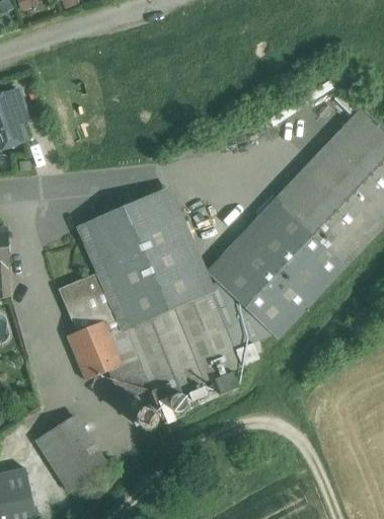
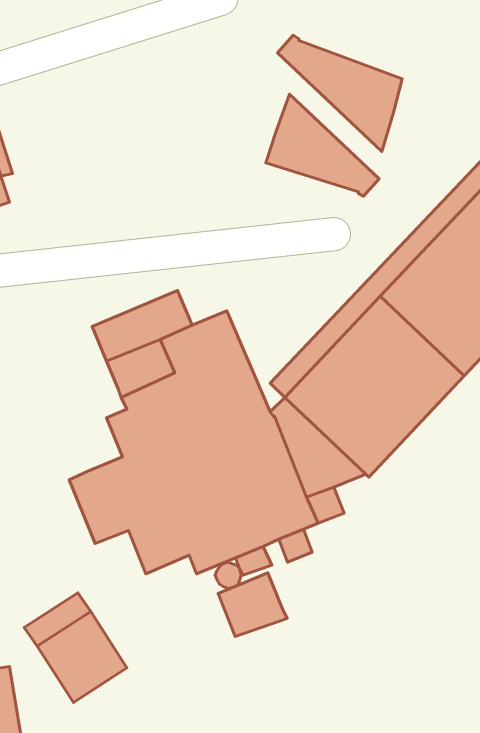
building: none -> [277,35,402,151]
building: none -> [266,94,379,196]
building: [143,194,177,228] -> none
building: [62,273,107,330] -> none
building: none -> [218,573,287,637]

